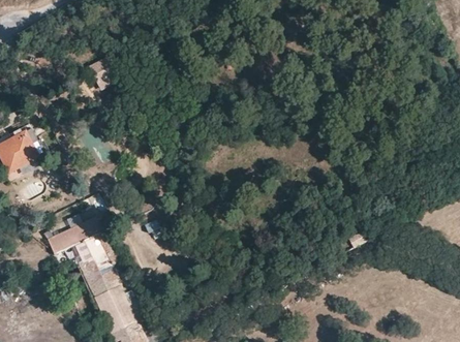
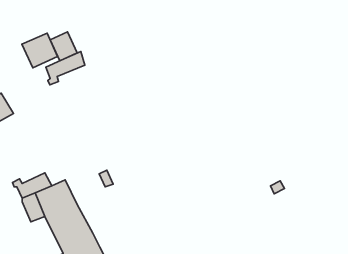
building: none -> [22,33,58,68]
building: none -> [46,52,85,85]

